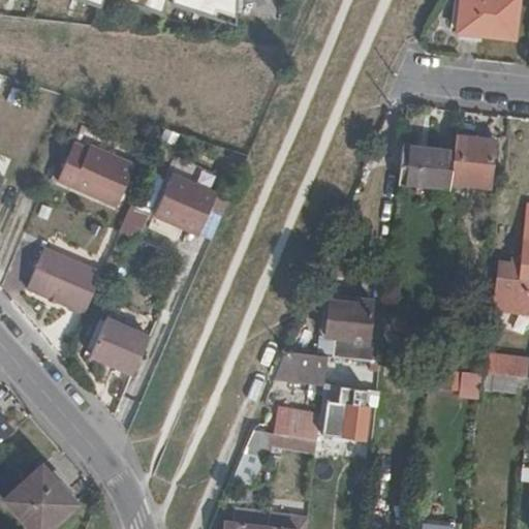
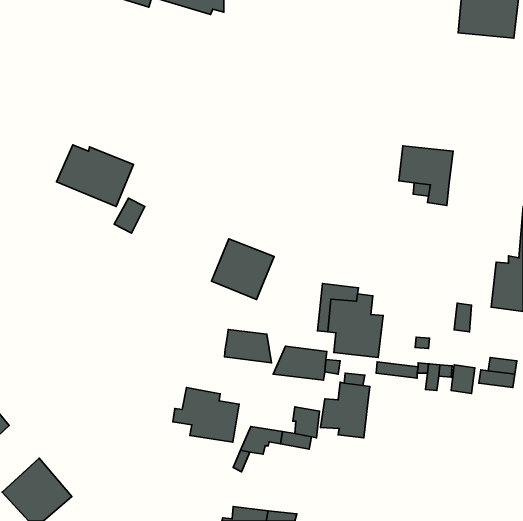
building: [452,136,496,189] -> none
building: [154,176,217,237] -> [211,239,274,300]
building: [28,250,102,317] -> none
building: [88,324,147,378] -> none
building: none -> [224,330,272,363]
building: none -> [173,388,239,442]

